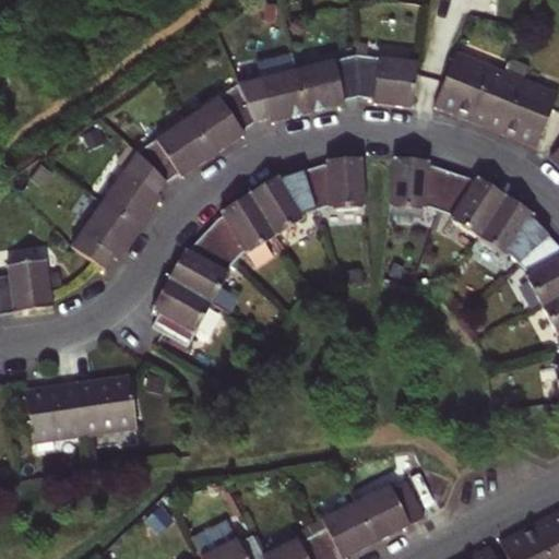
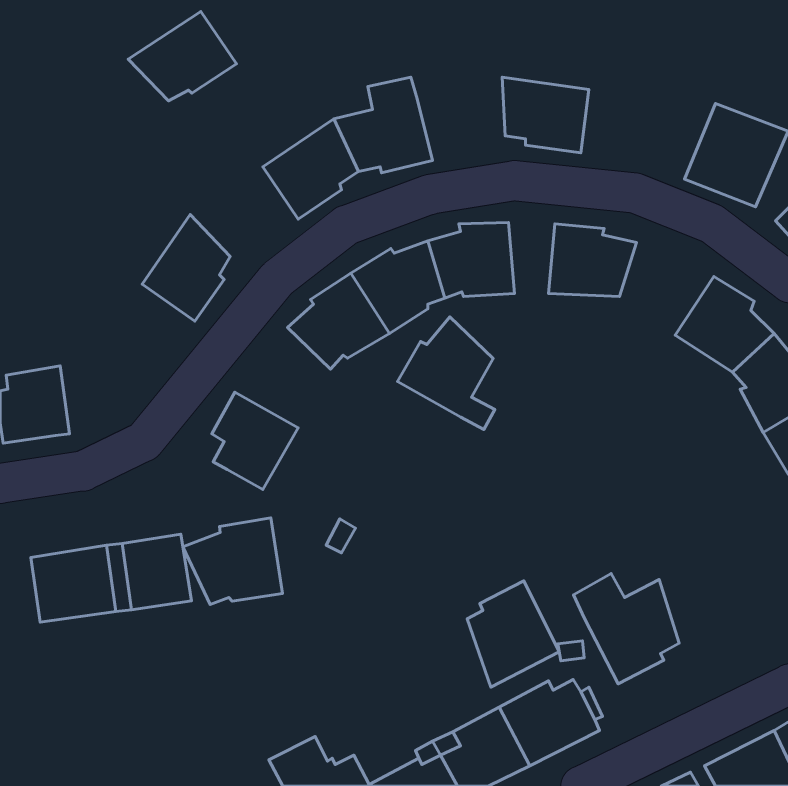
building: [433,52,507,127] -> none
building: [296,55,358,114] -> none
building: [135,118,212,181] -> [128,11,236,101]
building: [439,171,506,237] -> none
building: [71,201,139,270] -> none
building: [167,231,236,311] -> [397,317,495,429]
building: none -> [183,518,282,605]
building: none -> [573,574,679,684]
building: none -> [467,581,559,687]

